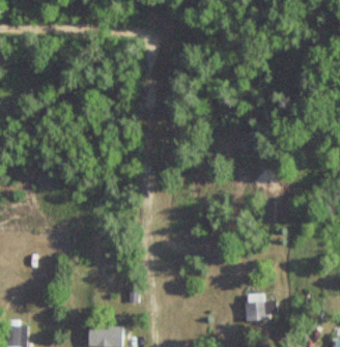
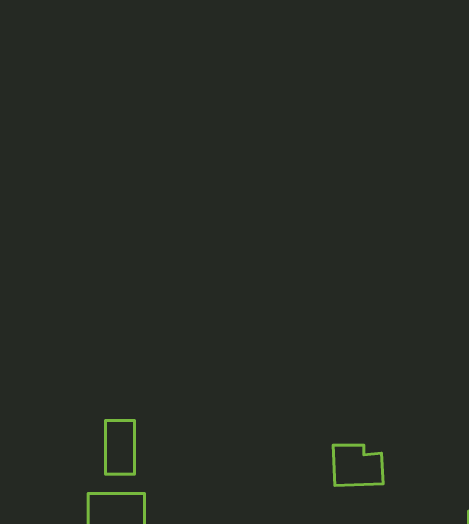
building: none -> [106,421,134,474]

